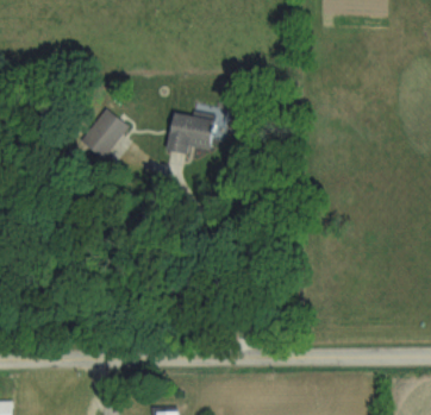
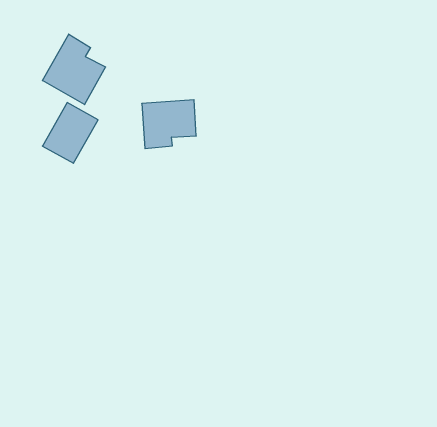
building: none -> [42,34,106,105]

